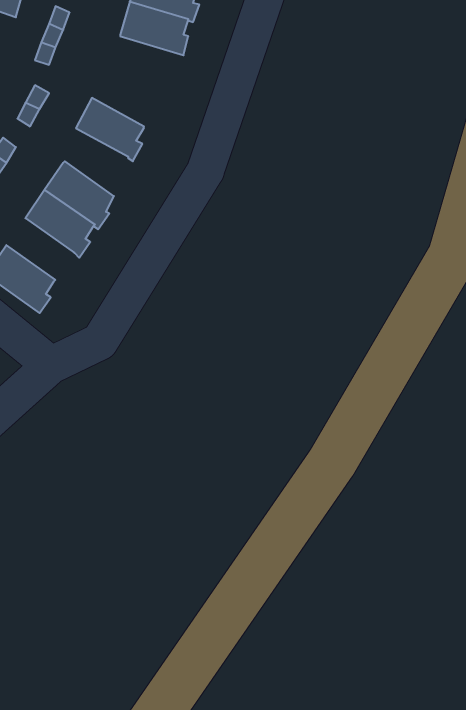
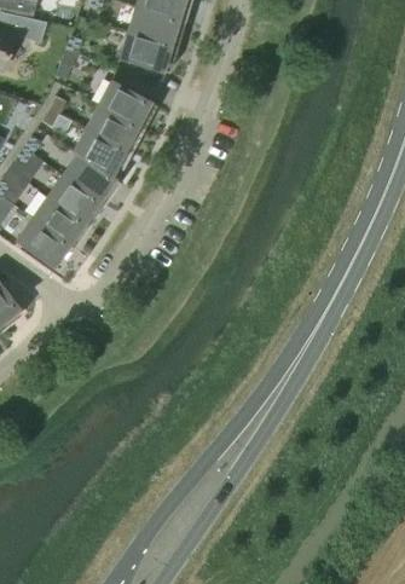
building: none -> [100,81,154,131]
building: none -> [75,128,128,180]
building: none -> [35,197,87,248]

